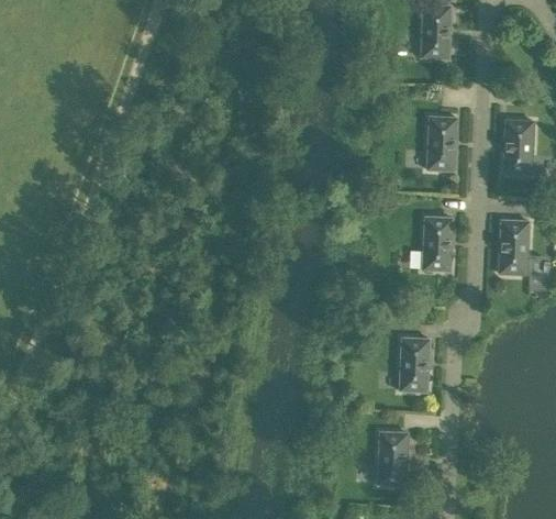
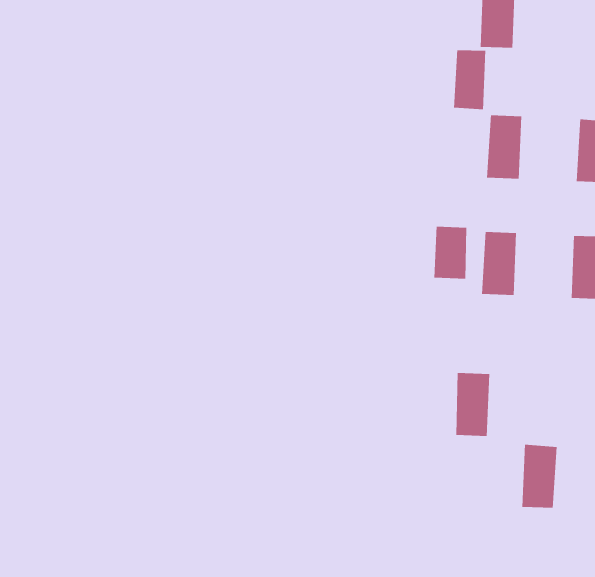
building: none -> [453,49,486,110]
building: none -> [434,226,467,279]
building: [378,431,409,486] -> [522,444,557,508]

